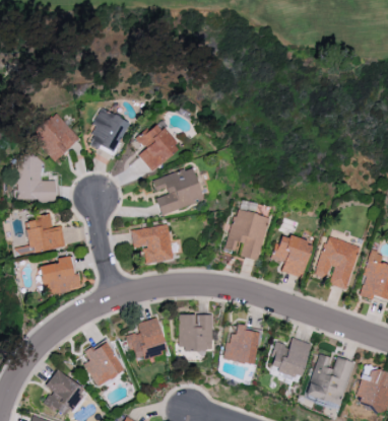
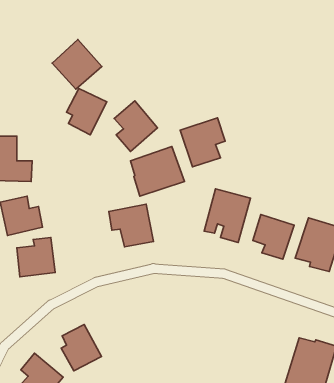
building: [30,113,79,161] -> [52,39,102,89]
building: none -> [180,118,225,167]
building: [178,313,212,351] -> none
building: [127,318,167,361] -> none
building: [222,324,257,363] -> none
building: [268,338,311,378] -> none

